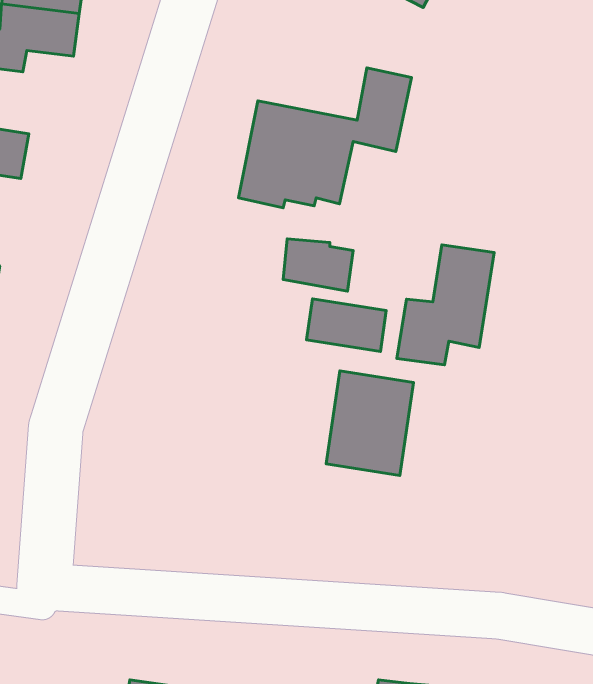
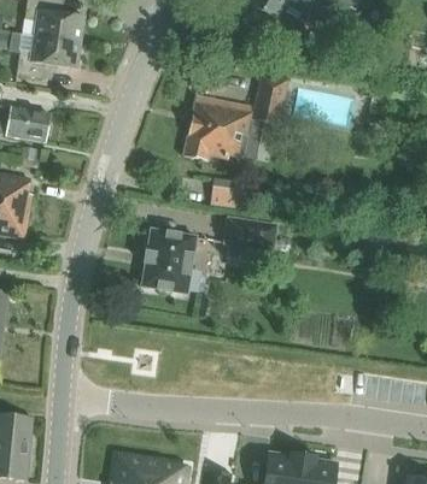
building: [397,245,494,365] -> none
building: [326,371,414,476] -> [141,228,195,293]

